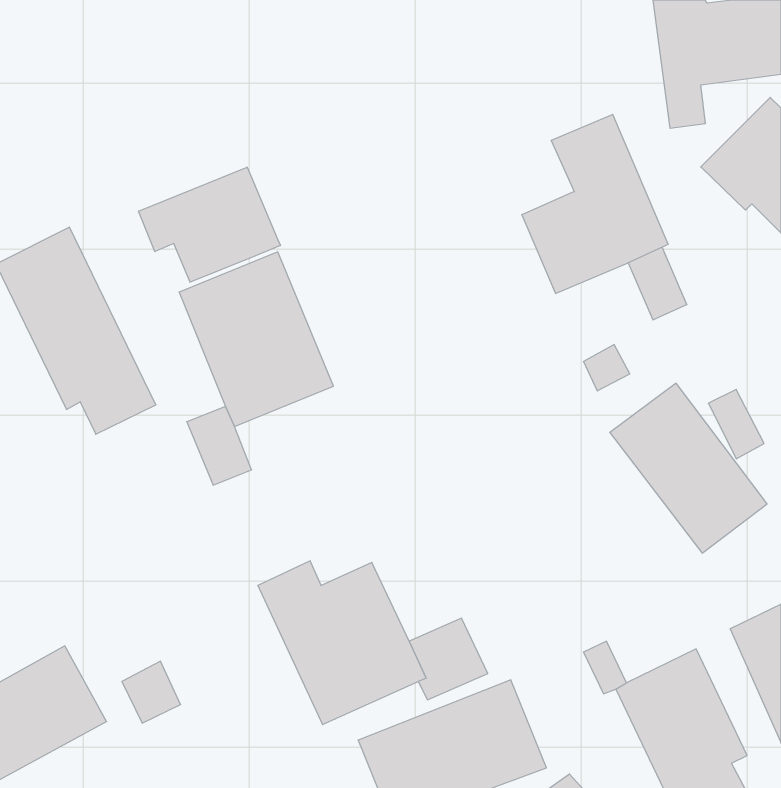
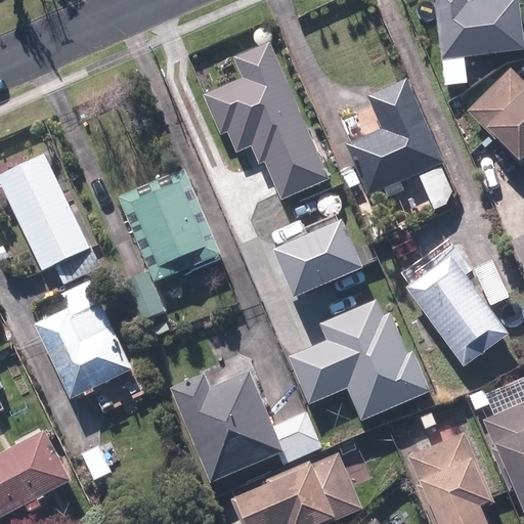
building: none -> [202,41,332,202]
building: [139,167,280,282] -> none
building: none -> [273,212,372,299]
building: none -> [34,280,134,399]
building: none -> [288,298,432,421]

